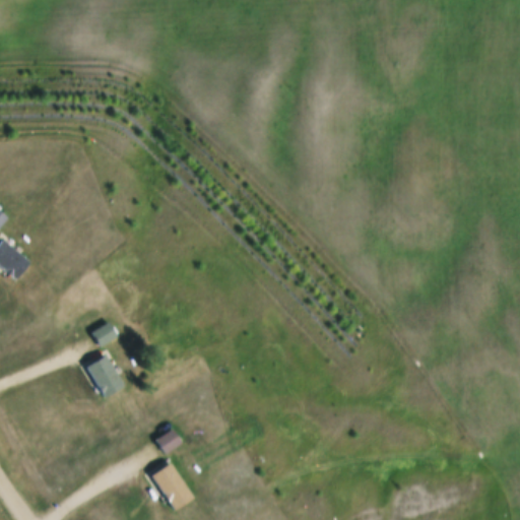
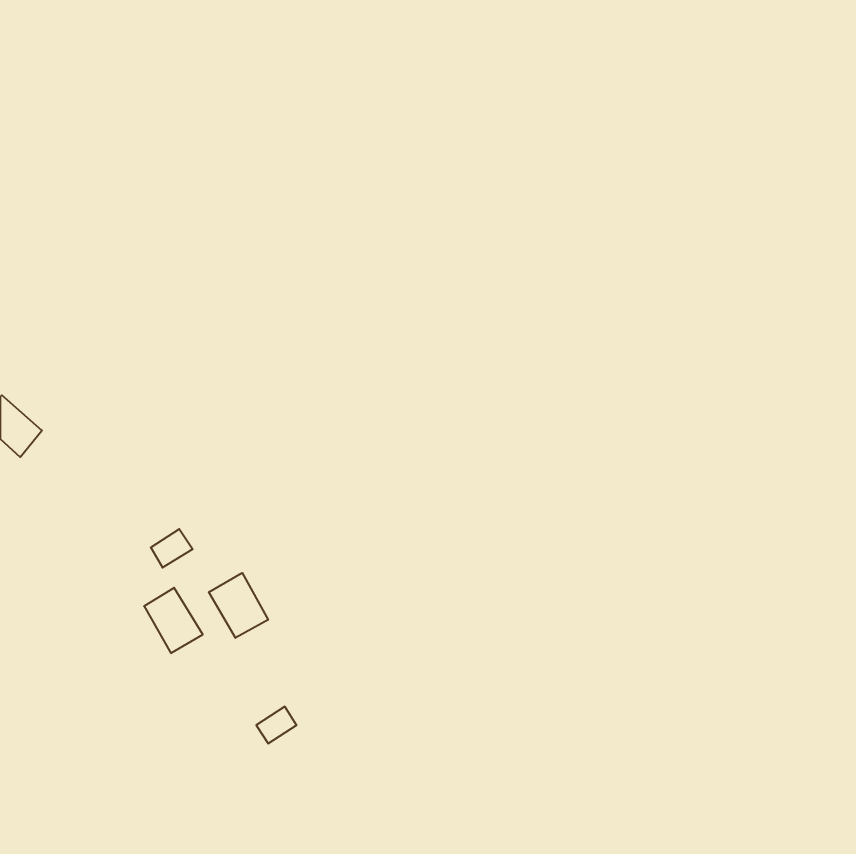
building: none -> [209,573,268,638]
building: [151,462,192,507] -> none

